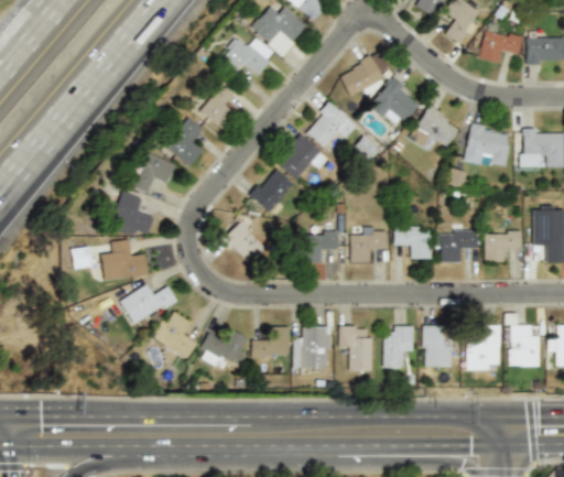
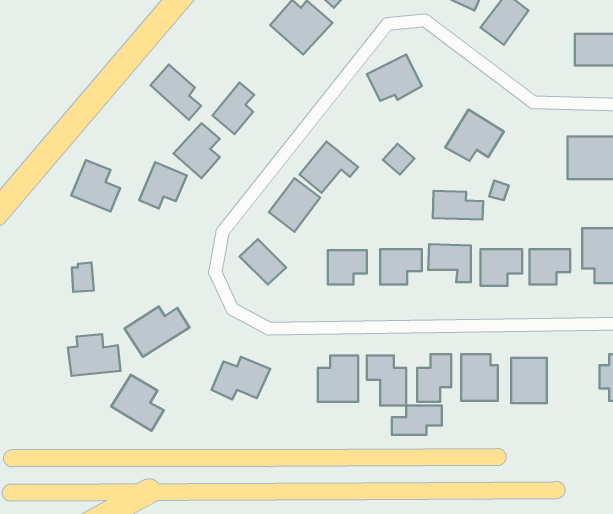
building: [478,29,522,64] -> none
building: [220,37,274,74] -> none
building: none -> [150,64,201,120]
building: [371,78,422,129] -> none
building: [305,100,359,148] -> none
building: [466,123,511,167] -> none
building: none -> [433,191,483,220]
building: [111,192,155,238] -> [71,160,120,211]
building: [101,242,149,280] -> [68,334,120,376]
building: [152,310,199,360] -> [111,375,164,431]
building: [509,325,541,367] -> none
building: [252,326,290,358] -> none
building: none -> [392,406,442,435]

